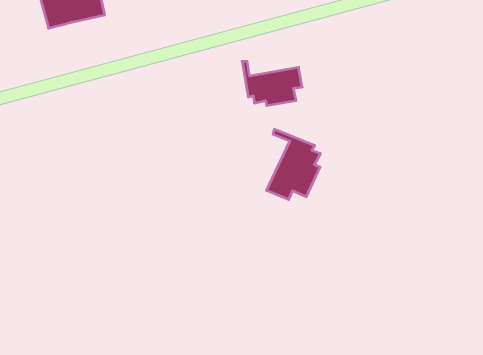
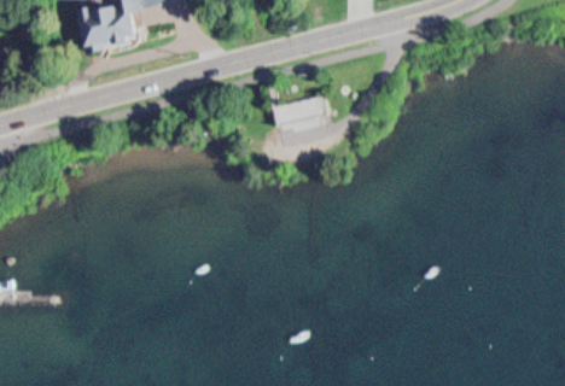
building: [266,129,320,200] -> none

